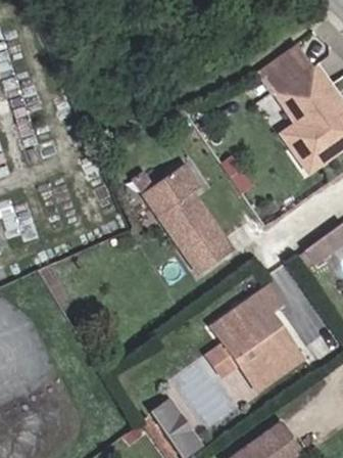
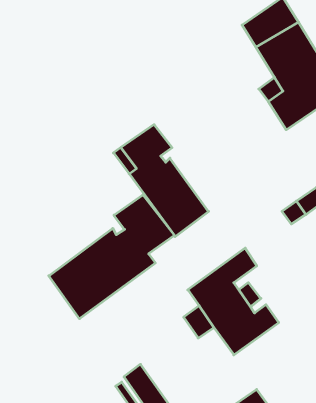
building: none -> [49,195,174,319]

